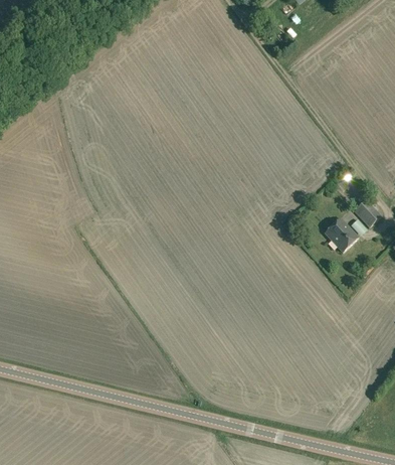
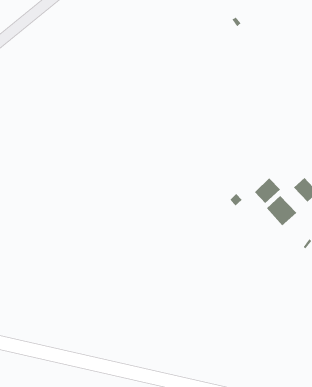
building: none -> [254,177,281,204]

